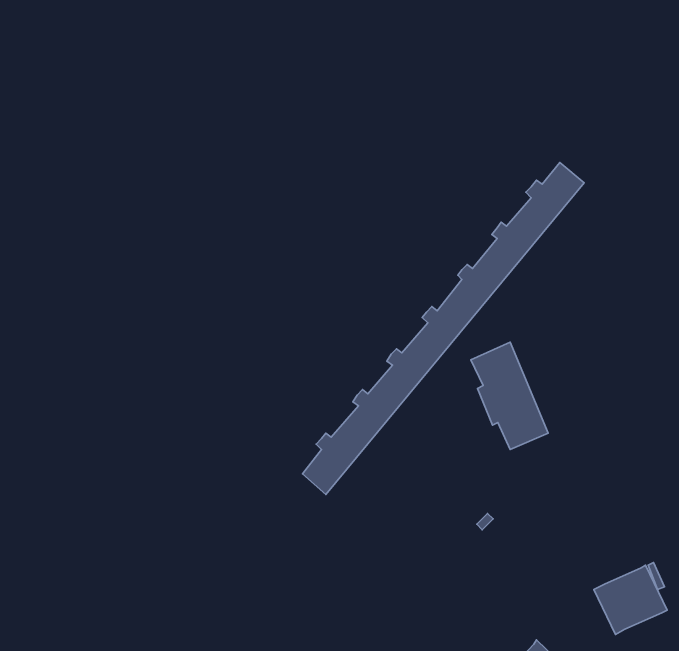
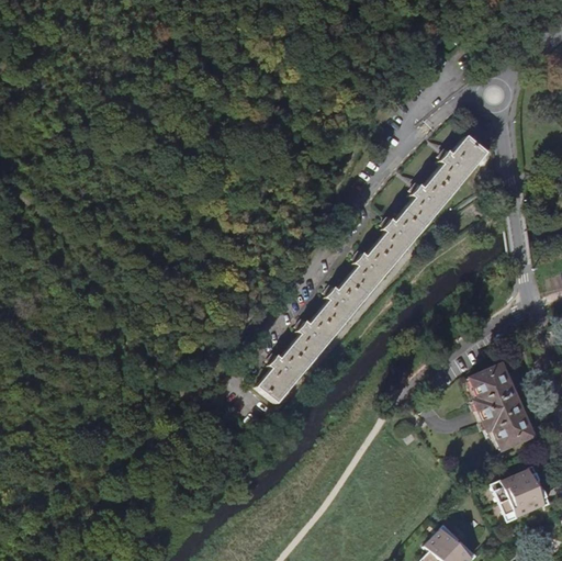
building: [471,342,548,450] -> [470,362,532,449]

